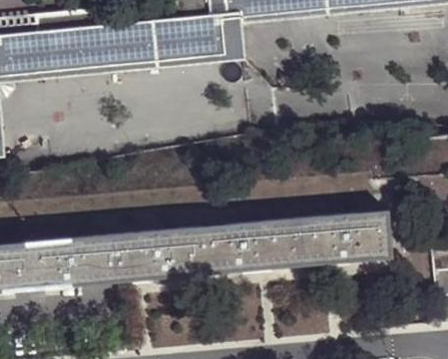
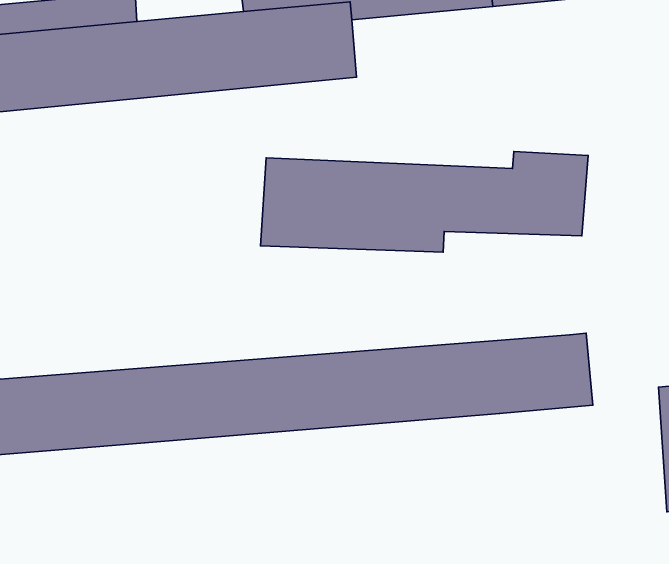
building: none -> [261,151,588,252]

